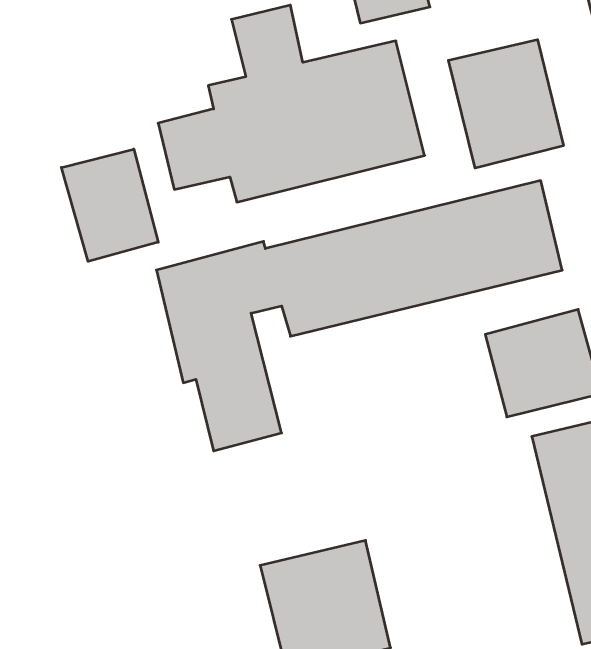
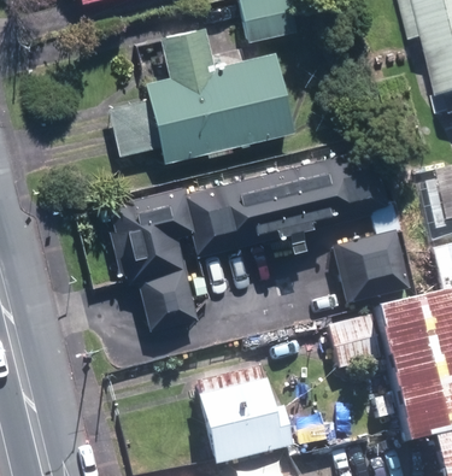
building: [448,40,563,168] -> none
building: [61,149,158,261] -> none

